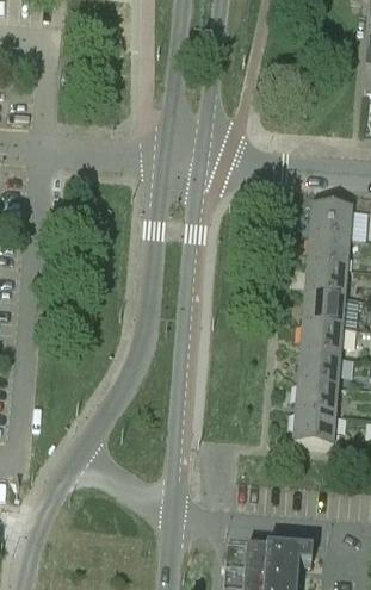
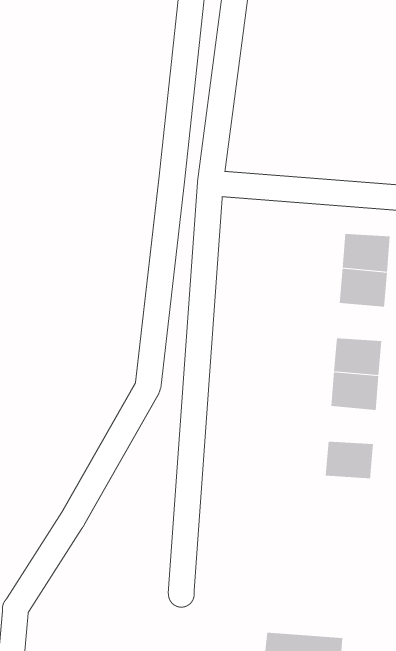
building: [305,262,347,294] -> none
building: [298,350,340,383] -> none
building: [293,410,335,443] -> none

